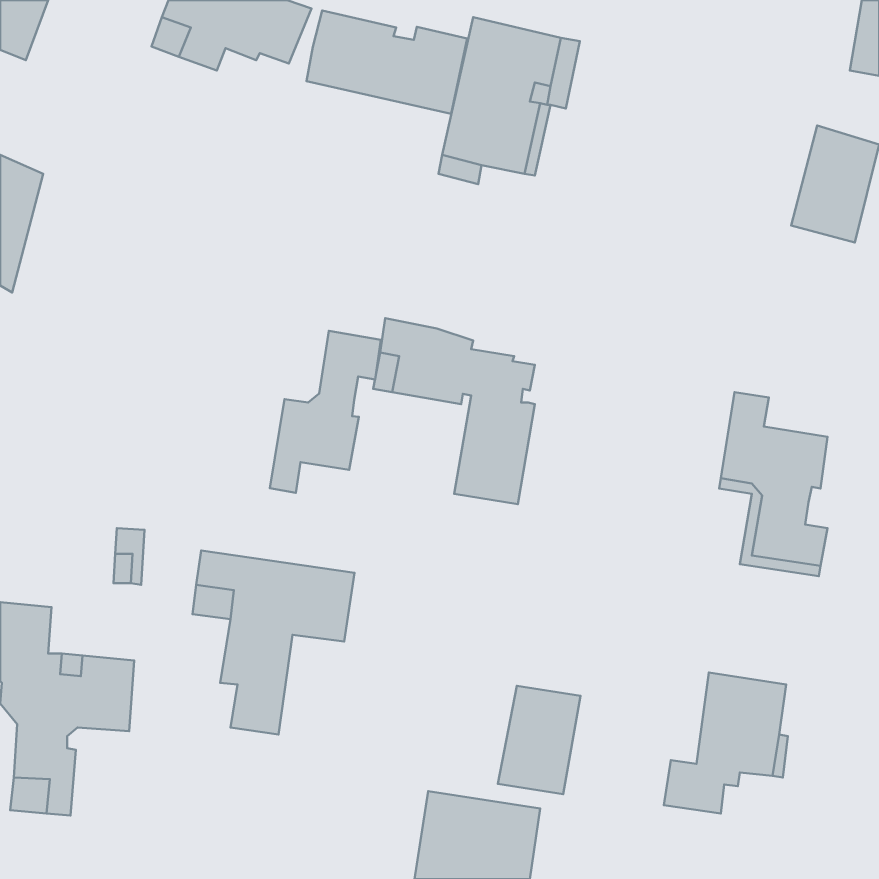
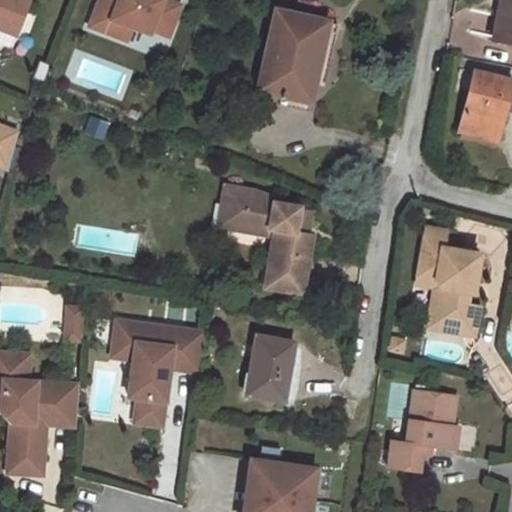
building: [307,11,467,114] -> none
building: [270,331,381,493] -> none
building: [498,686,581,794] -> [245,338,293,401]

